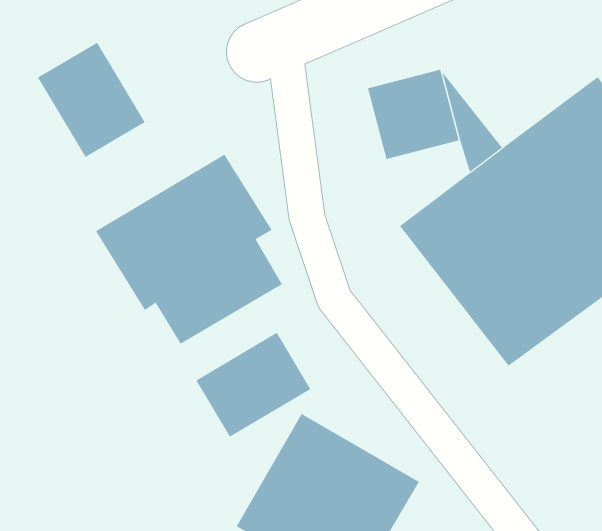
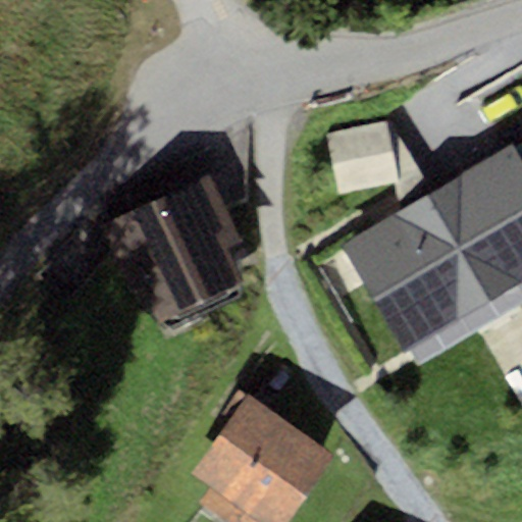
building: [37,42,146,158] -> none
building: [195,332,311,438] -> none

